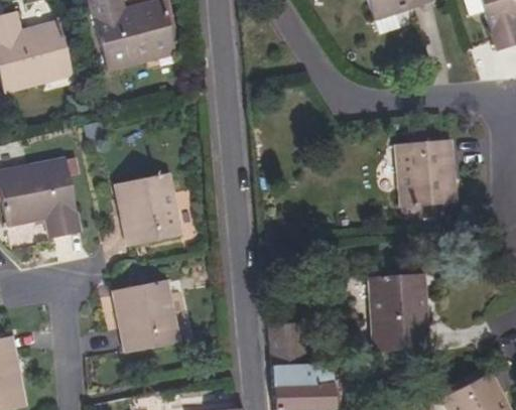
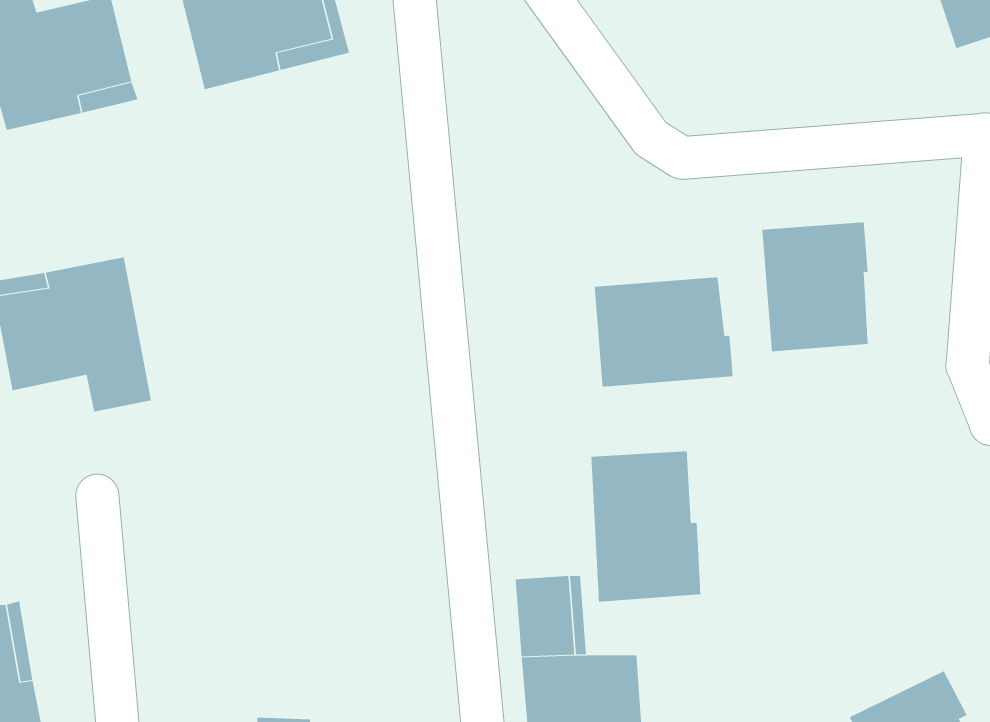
building: none -> [594,276,733,388]
building: [118,173,181,246] -> none
building: [370,273,427,352] -> [591,451,701,602]
building: [116,280,178,353] -> none

